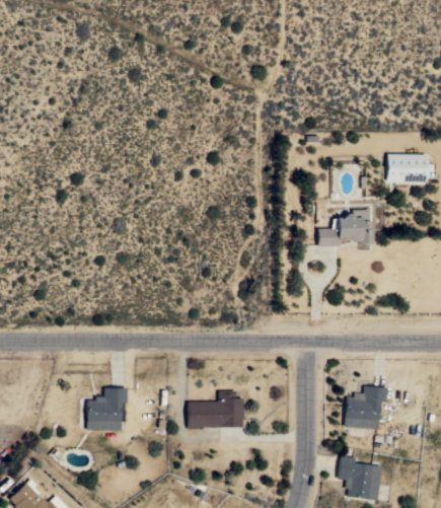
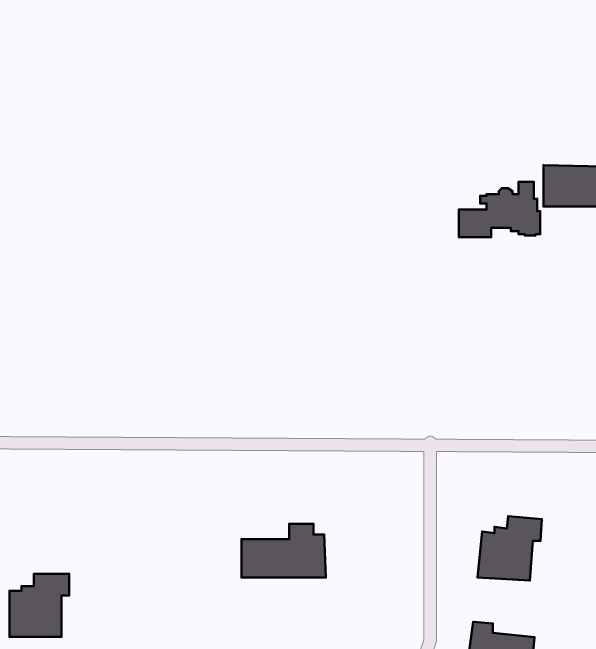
building: [318,210,372,246] -> [459,182,540,237]
building: [87,388,127,430] -> [9,574,69,637]

